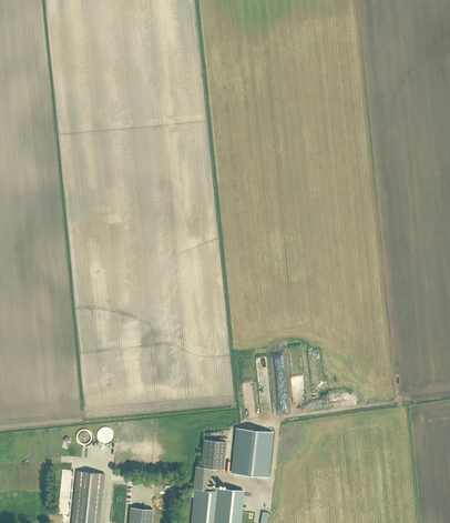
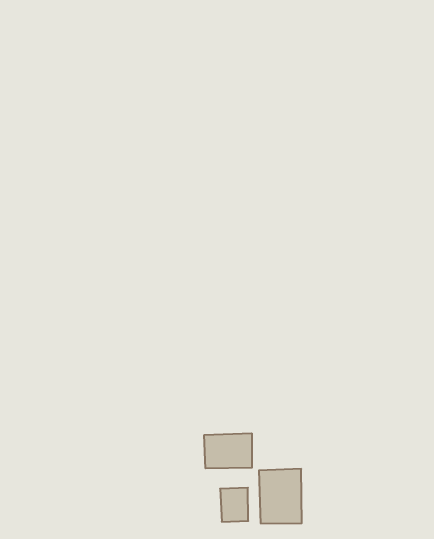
building: none -> [204,433,252,468]

